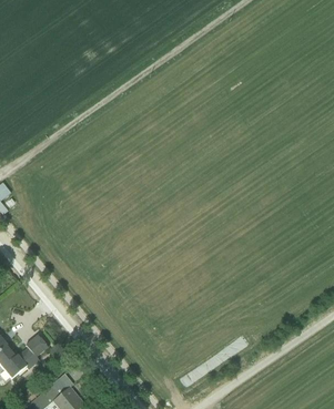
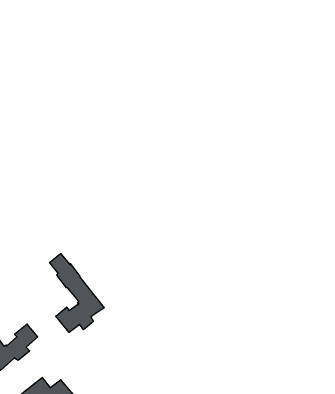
building: none -> [50,254,104,332]

